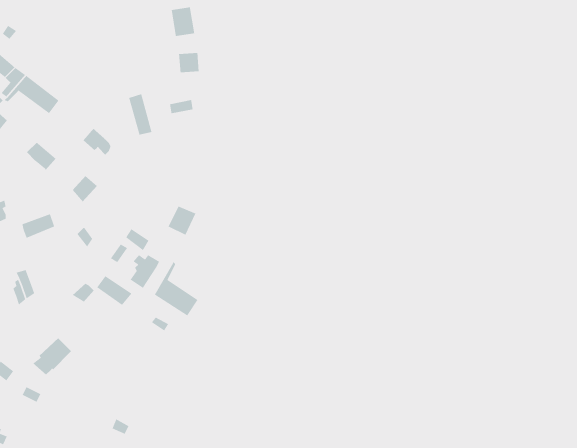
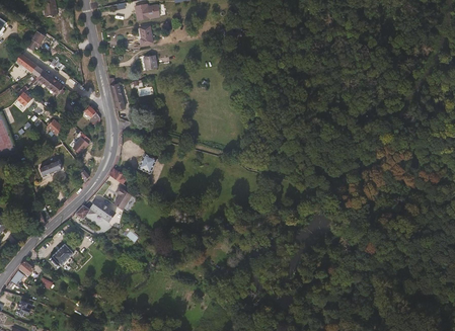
building: [154,260,198,317] -> none

